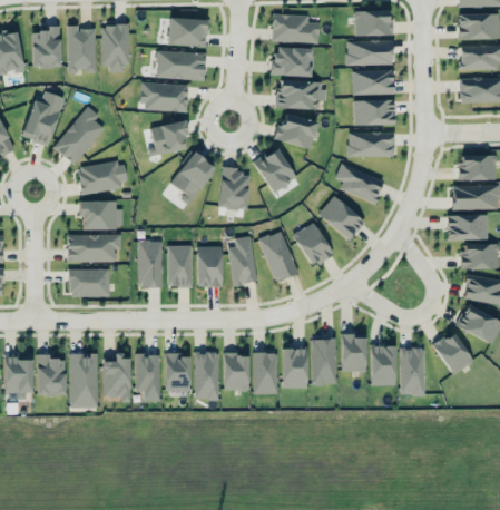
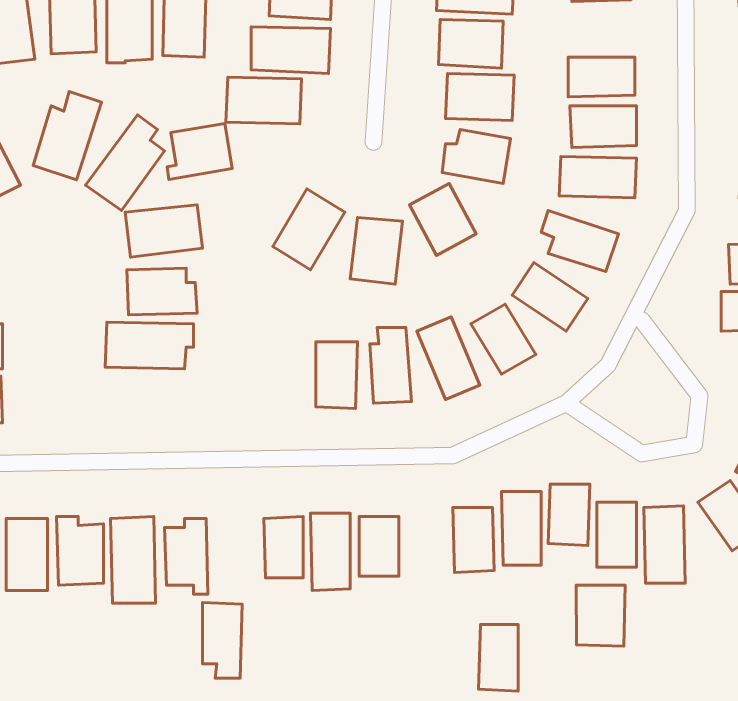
building: [346,40,393,66] -> none
building: [148,121,188,156] -> [167,124,232,179]
building: [138,241,163,287] -> none
building: [168,245,193,287] -> none
building: [69,268,110,296] -> none
building: [253,353,277,394] -> [479,624,518,691]
building: [136,354,160,401] -> [202,602,242,678]
building: none -> [576,585,625,646]

